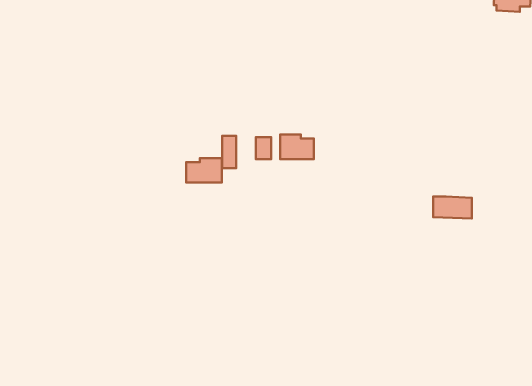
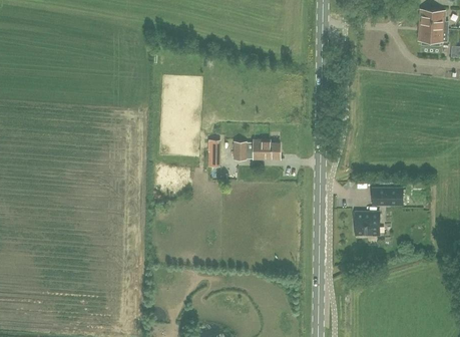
building: [186,158,222,183] -> none
building: none -> [354,212,378,237]

